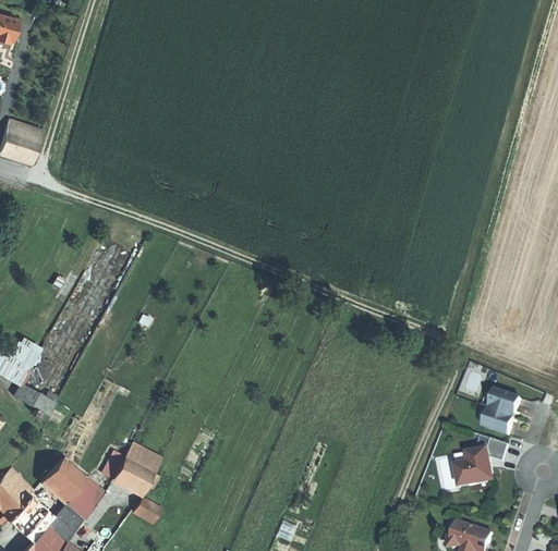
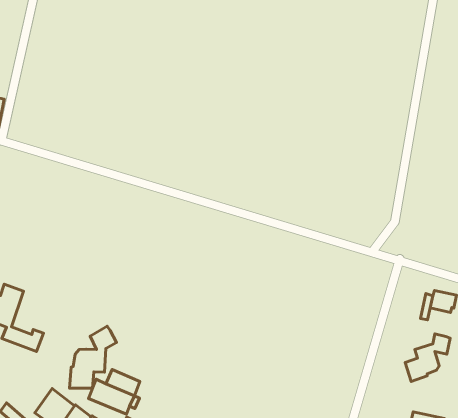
building: none -> [69,326,117,388]
building: [484,409,512,436] -> none

